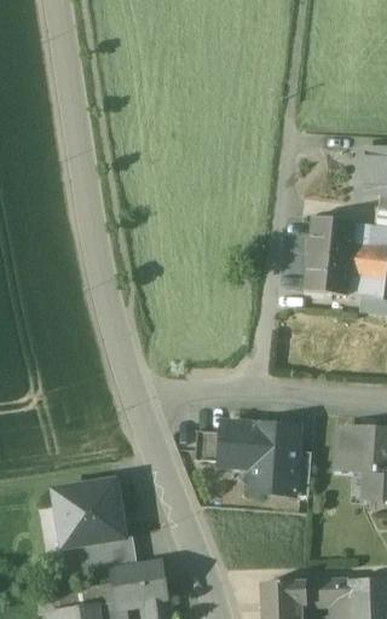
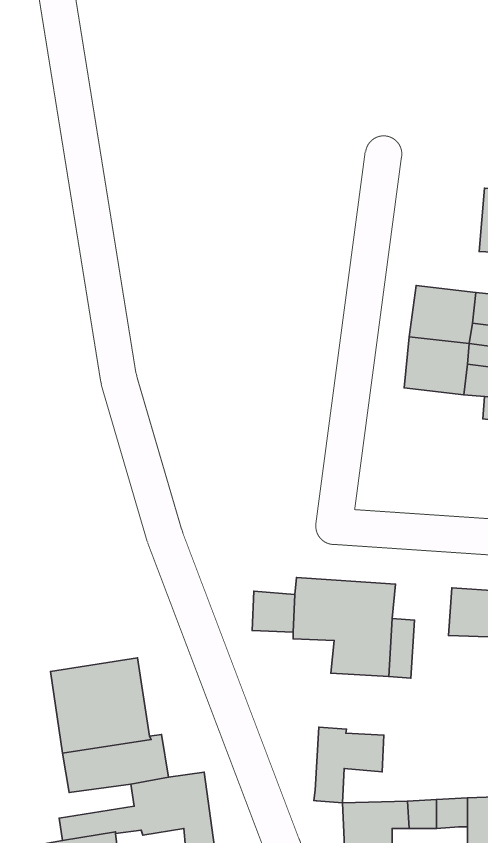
building: none -> [314,727,384,803]

